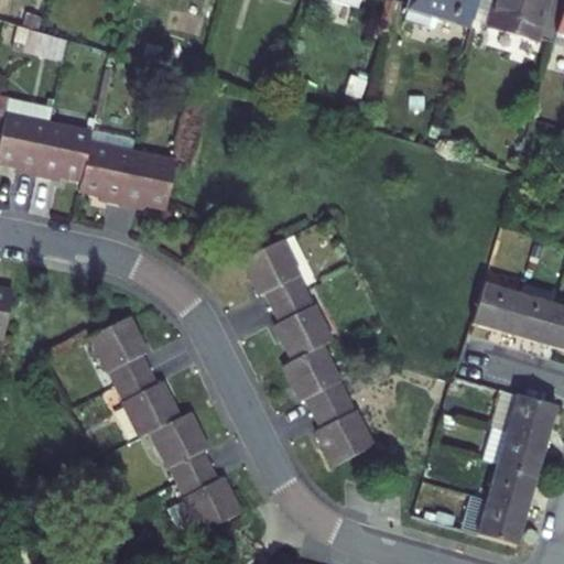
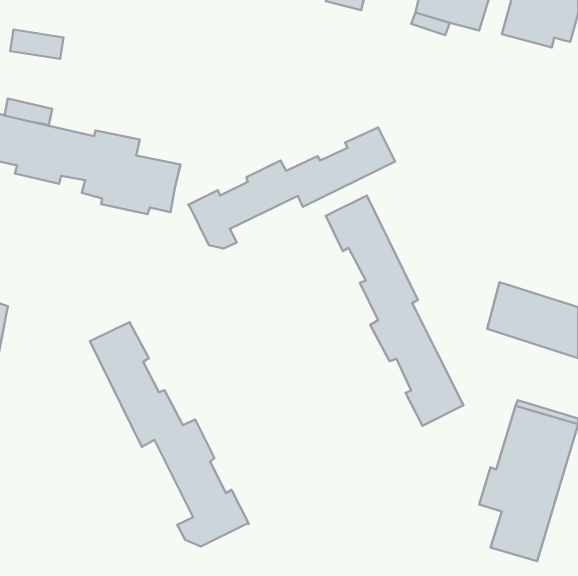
building: none -> [188,128,395,249]
building: [242,241,376,465] -> [326,196,463,426]

